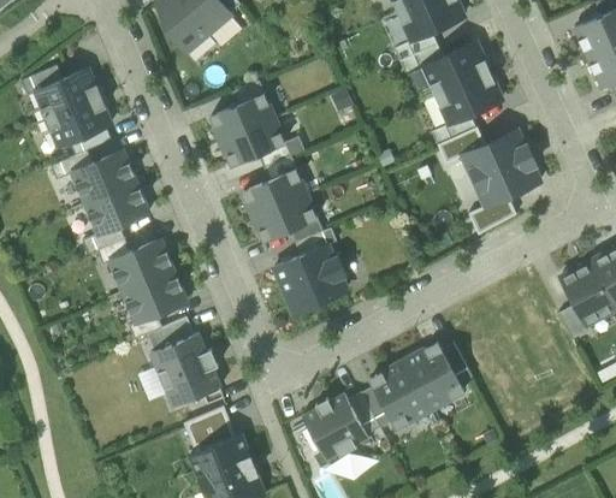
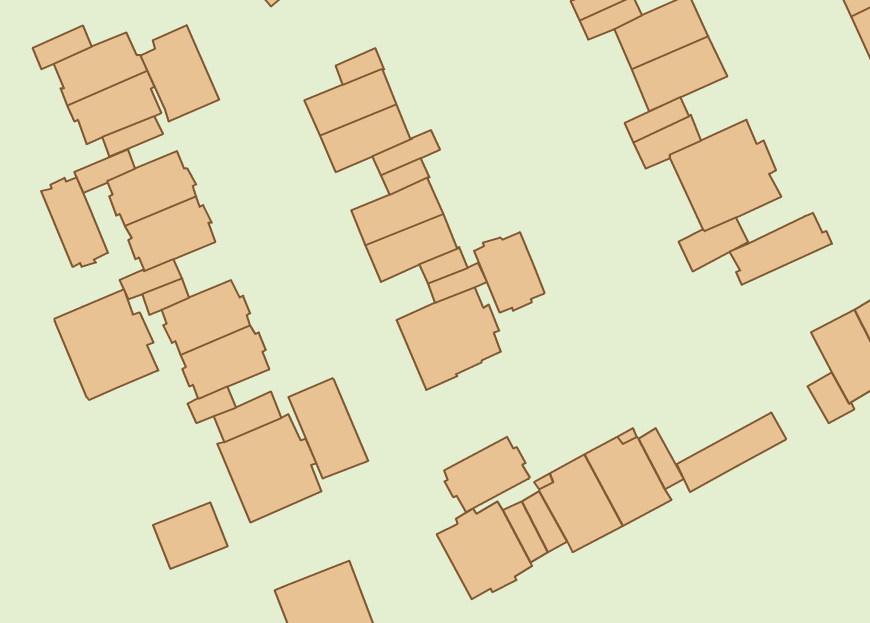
building: none -> [141,25,219,122]
building: none -> [41,177,108,267]
building: none -> [730,213,832,285]
building: none -> [474,232,544,313]
building: none -> [55,289,158,400]
building: none -> [288,378,368,479]
building: none -> [677,412,786,492]
building: none -> [444,437,530,512]
building: [184,407,236,452] -> [153,502,228,569]

